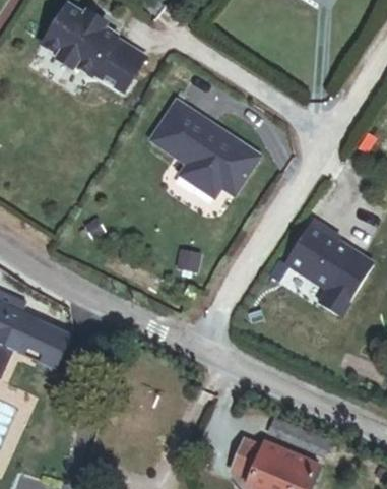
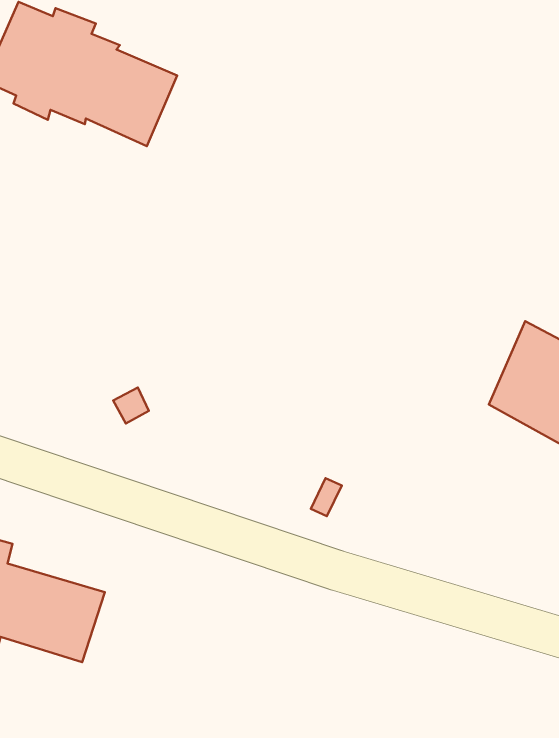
building: [153,105,261,199] -> none

